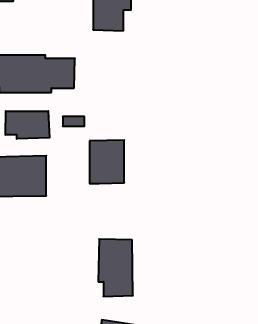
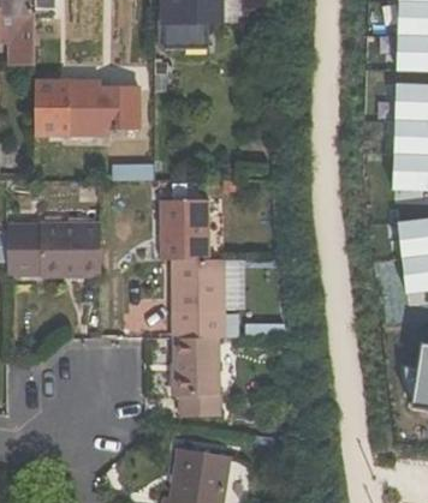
building: [5,111,49,139] -> none
building: none -> [172,258,237,337]

